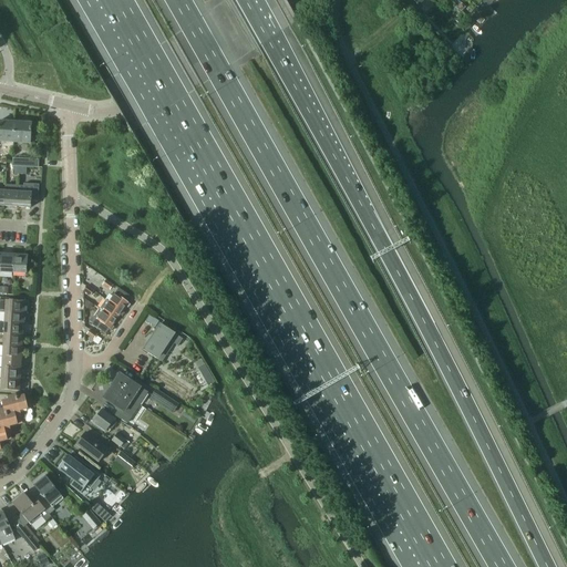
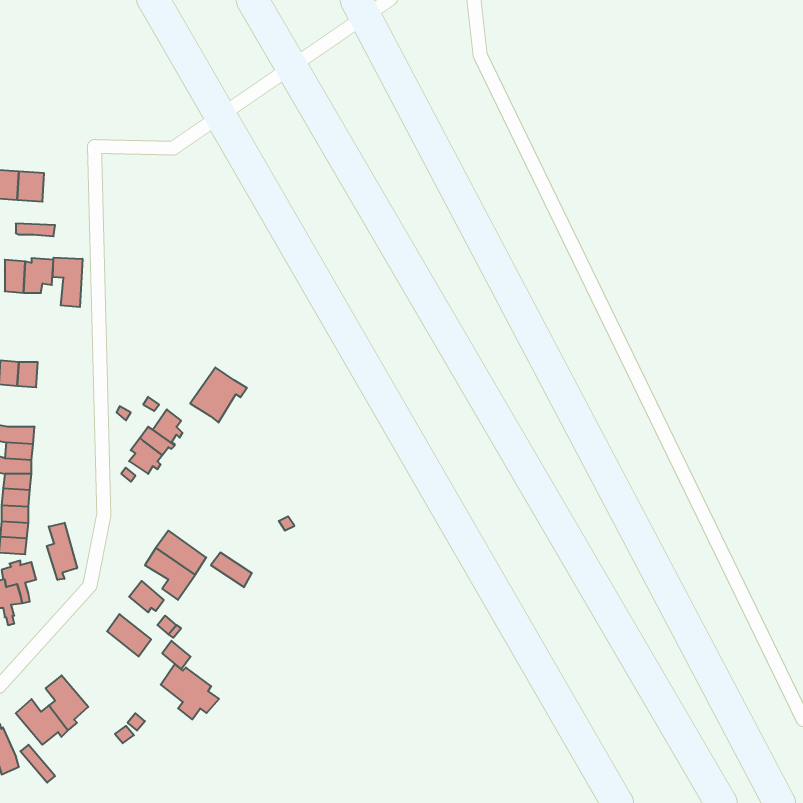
building: none -> [53,258,82,307]
building: [141,323,181,362] -> [190,367,247,423]
building: none -> [47,523,77,580]
building: [56,454,97,493] -> [161,664,219,719]

